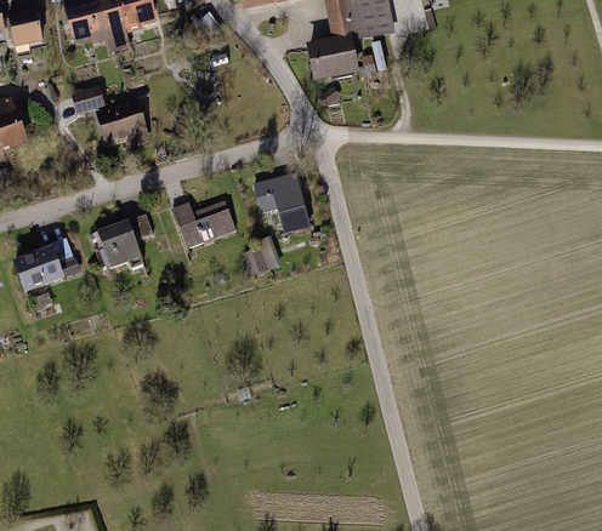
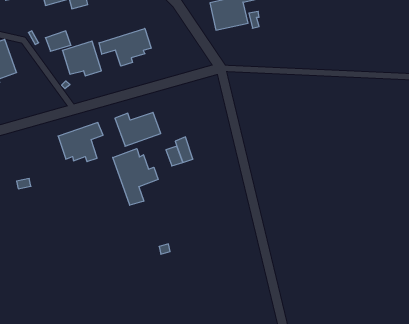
building: none -> [99,28,151,66]
building: [251,171,311,234] -> none
building: [13,236,79,290] -> none
building: none -> [113,149,158,205]

